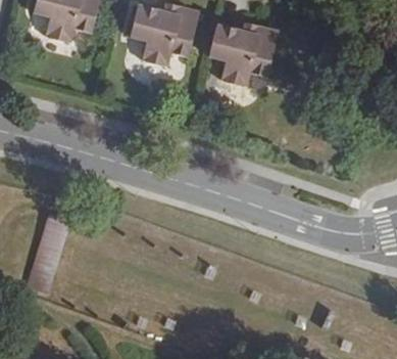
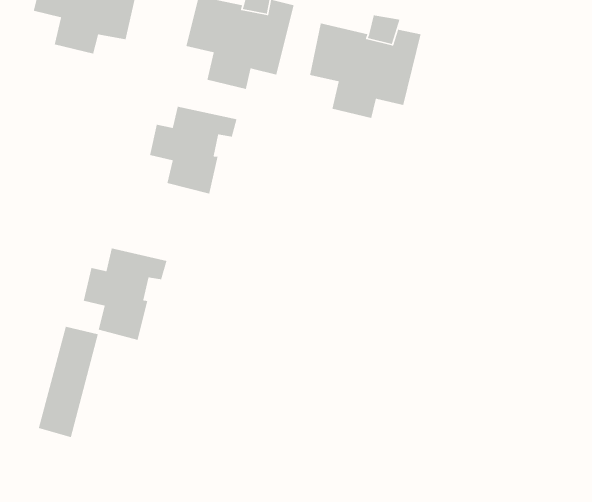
building: none -> [149,106,237,194]
building: none -> [83,248,167,341]

